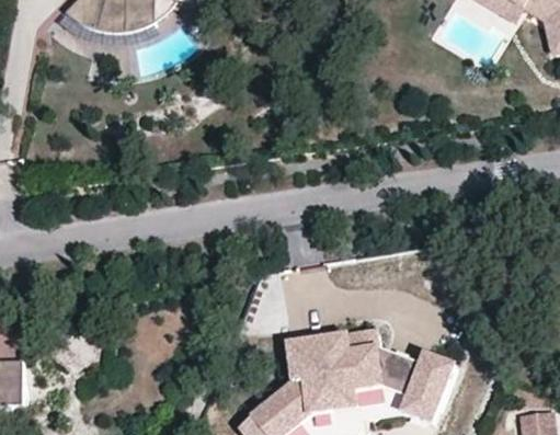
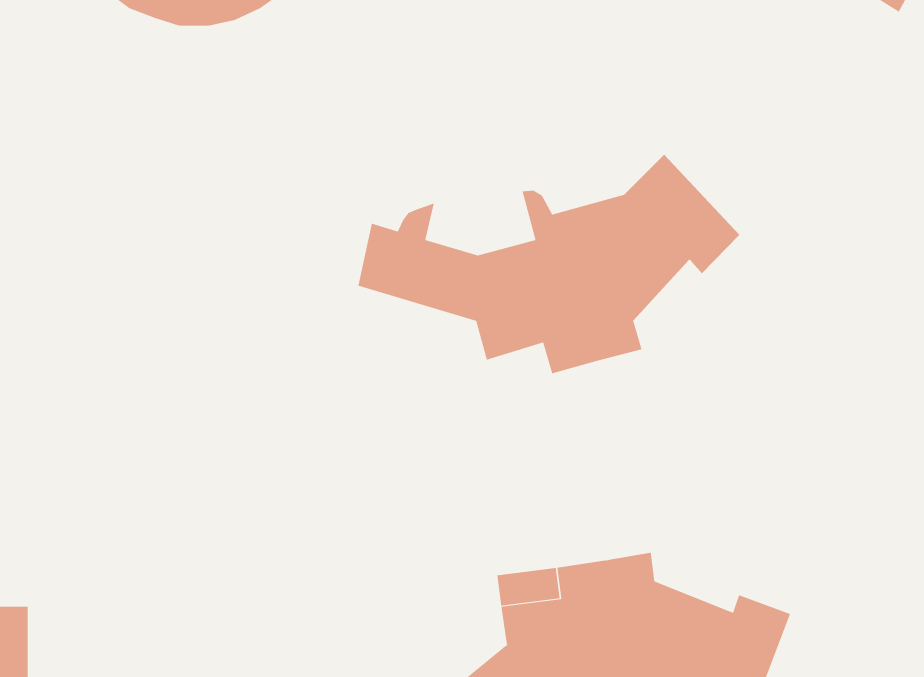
building: none -> [358,154,740,374]

